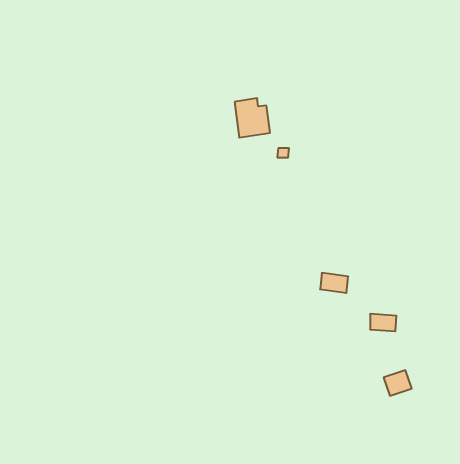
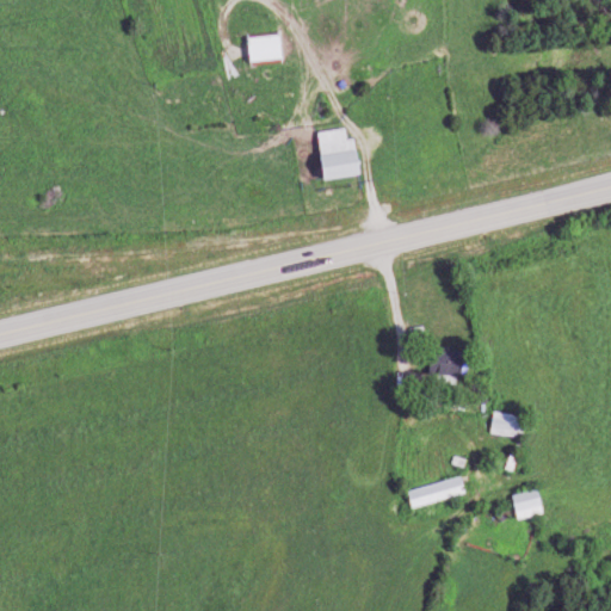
building: none -> [248,32,285,62]
building: none -> [406,475,467,507]

